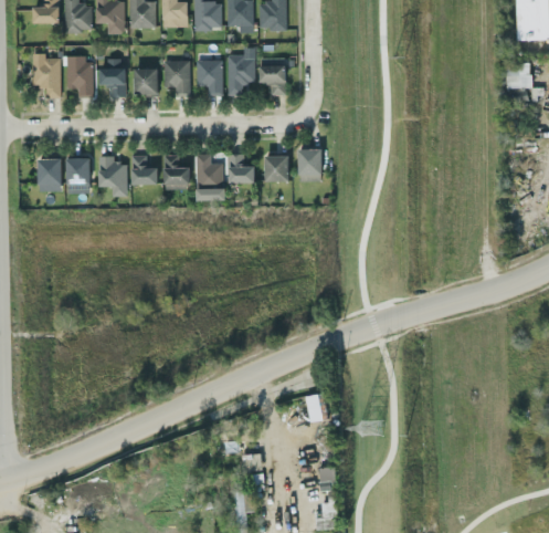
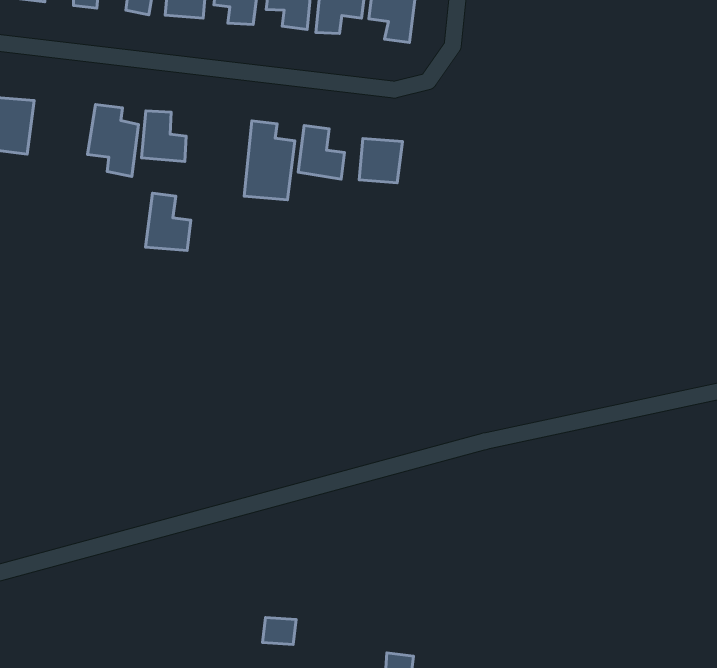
building: [297,148,321,181] -> none
building: [163,154,189,187] -> [146,193,191,250]
building: [66,158,91,194] -> none
building: [305,393,326,421] -> none

